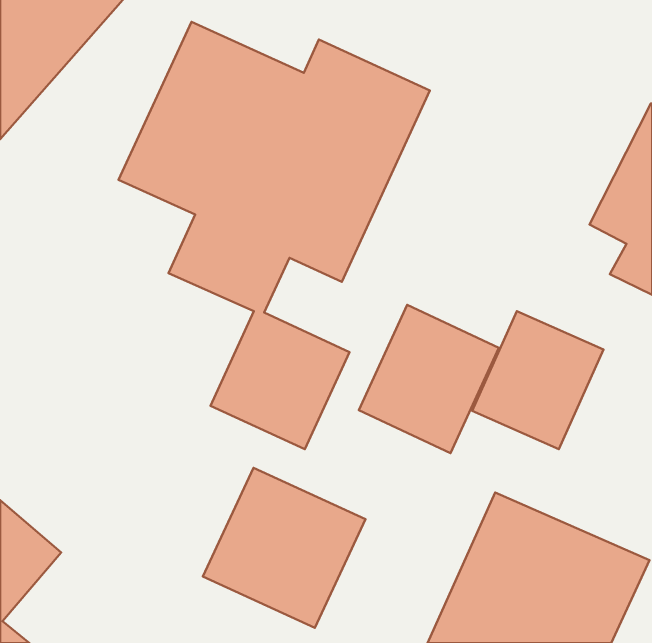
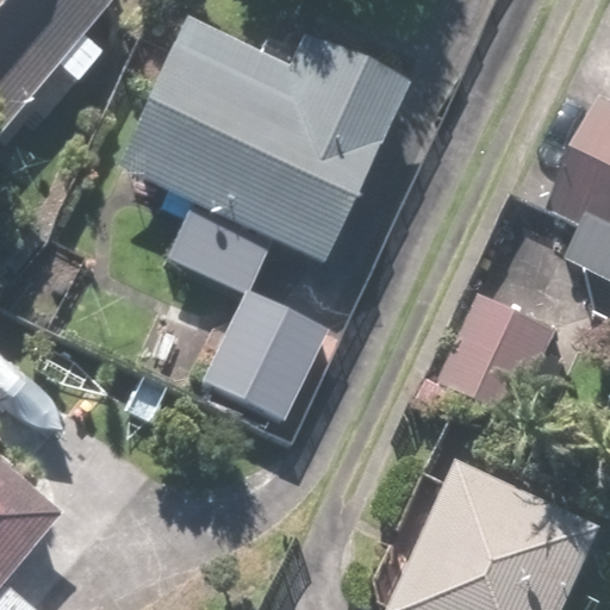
building: [359,305,499,453] -> none
building: [203,468,366,628] -> none

